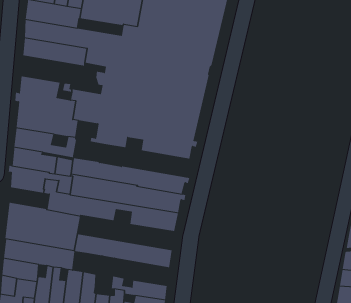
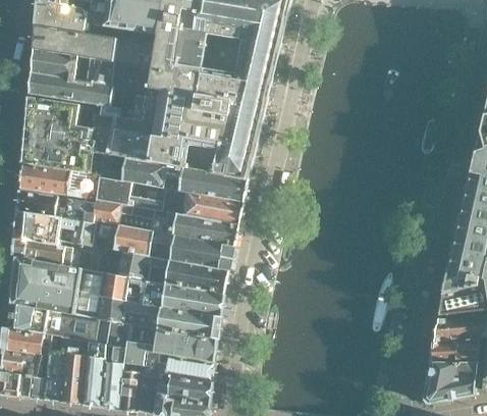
building: none -> [30,71,113,106]
building: none -> [96,177,244,225]
building: none -> [11,237,65,264]
building: none -> [101,272,224,316]
building: none -> [108,320,217,365]

